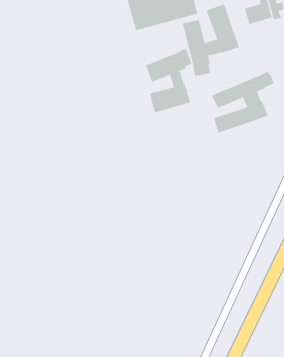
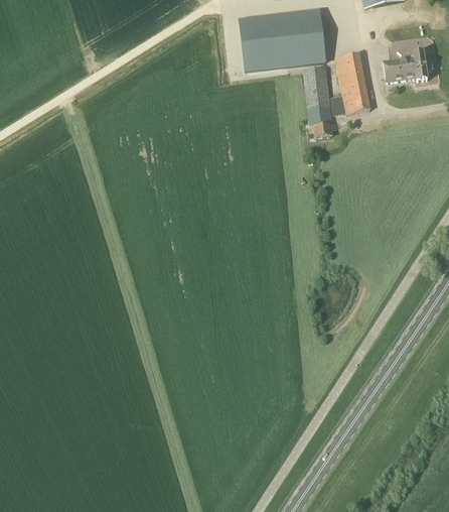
building: [145,47,192,113] -> none
building: [211,71,275,133] -> none

